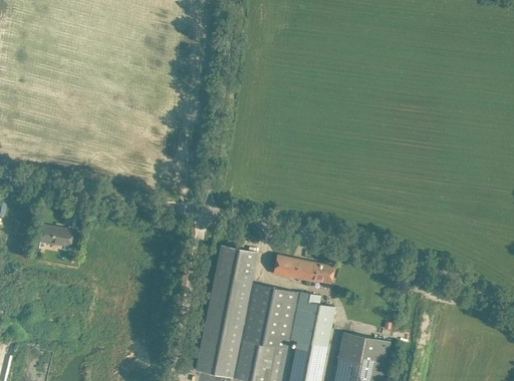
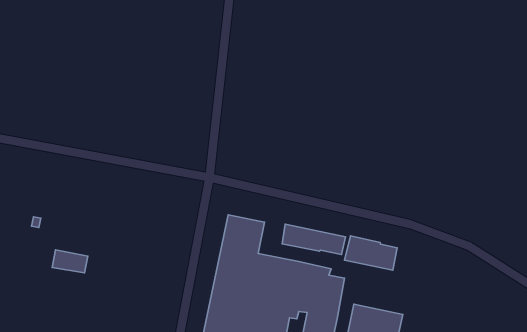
building: [39,225,73,247] -> [52,250,88,273]
building: none -> [345,236,397,270]

